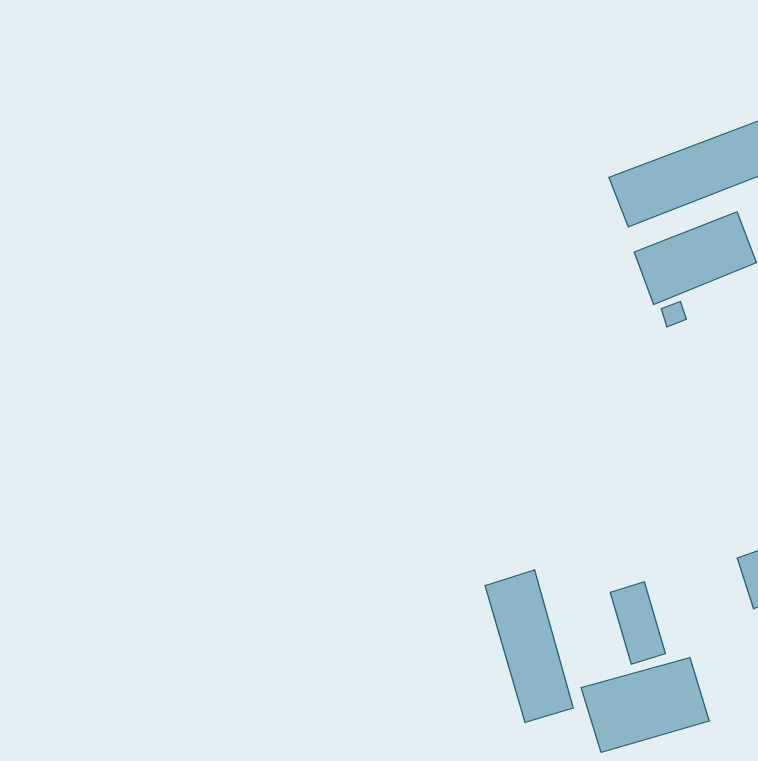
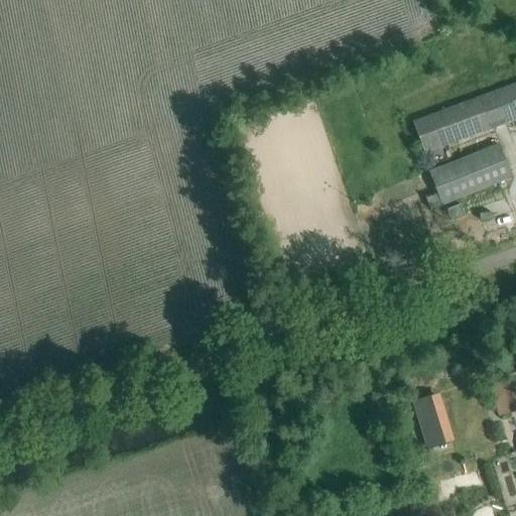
building: [485,570,573,723] -> none
building: [581,657,709,752] -> none

